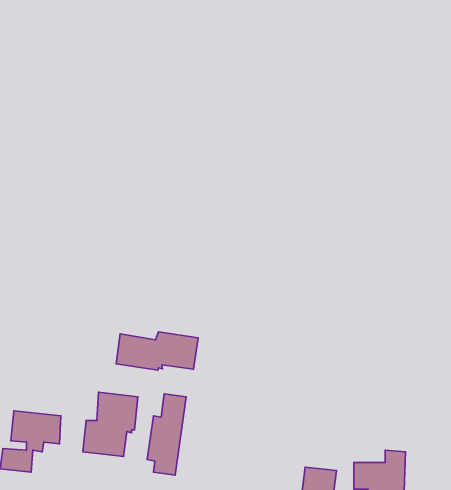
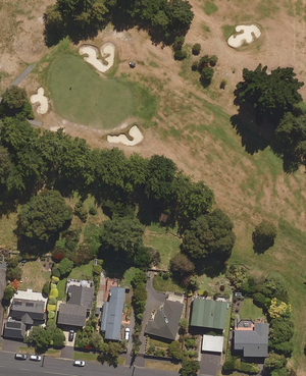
building: [116,332,198,370] -> none
building: none -> [191,299,227,329]
building: none -> [144,300,184,339]

